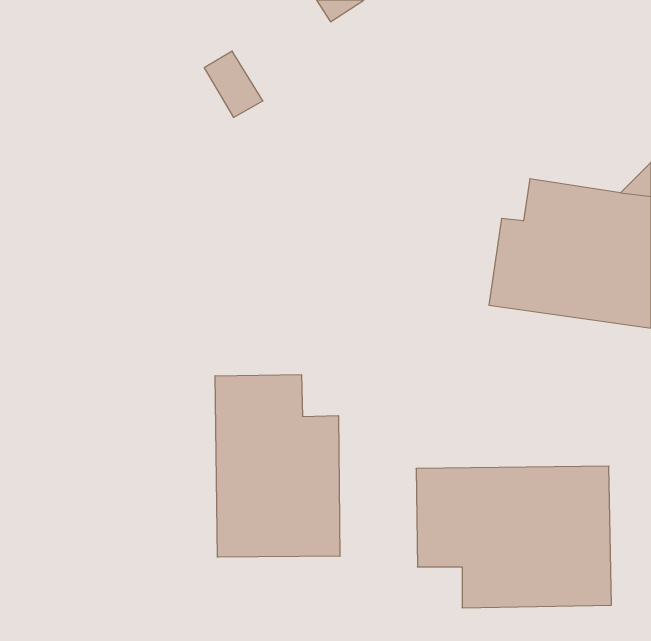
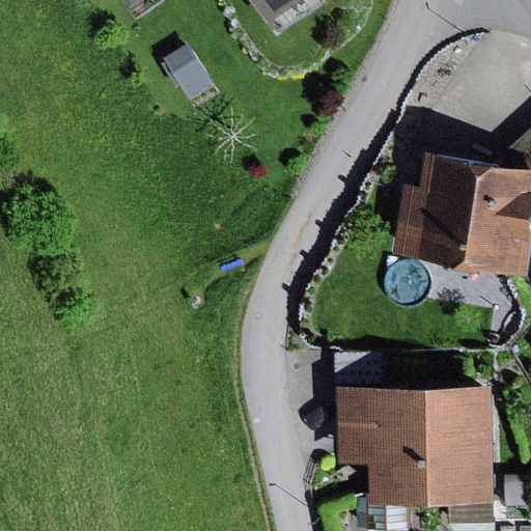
building: [215,375,340,557] -> none

